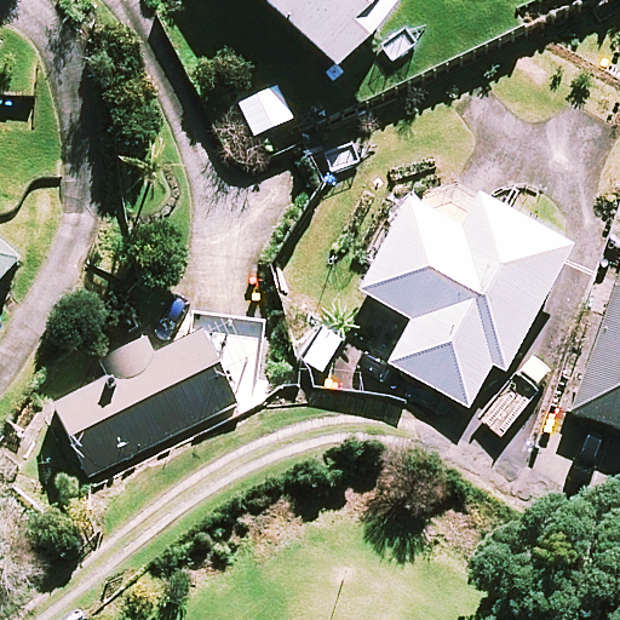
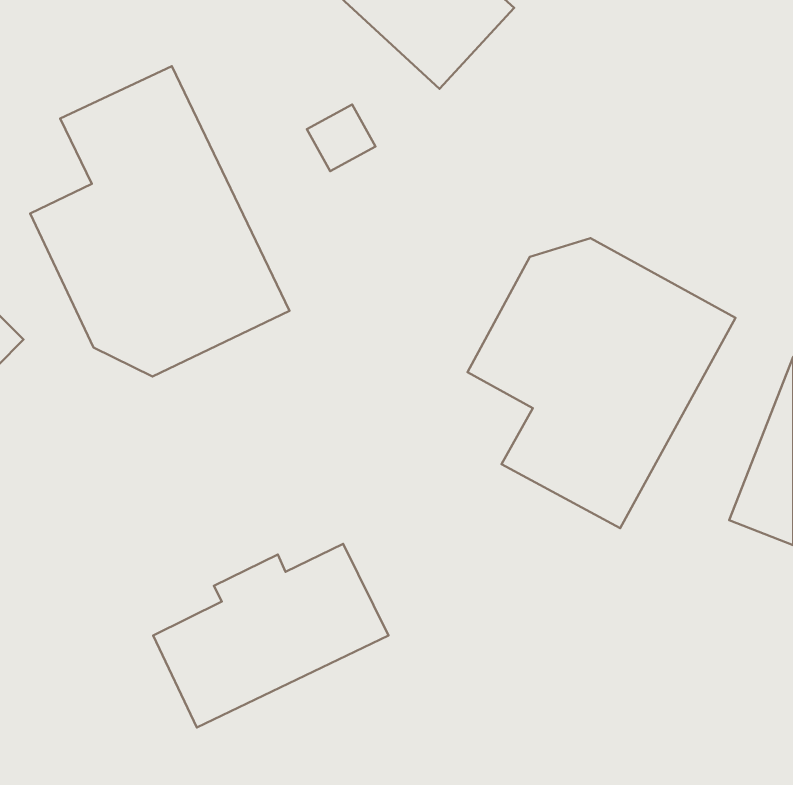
building: none -> [30,66,289,376]
building: [54,329,237,472] -> [153,544,388,728]

